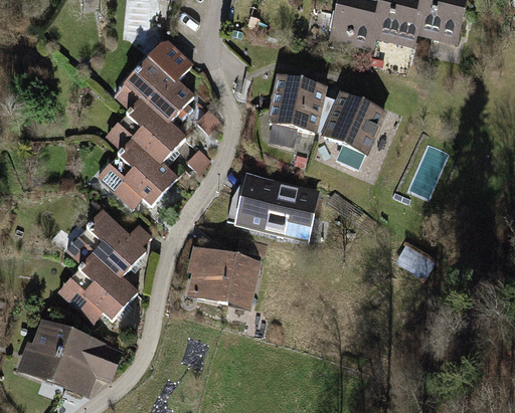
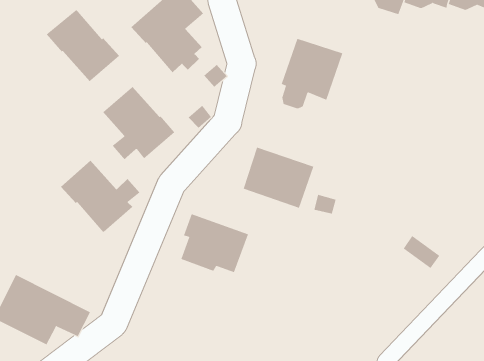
building: [324,92,383,167] -> none
building: [116,97,186,164] -> [46,8,120,82]
building: [68,252,138,322] -> none

